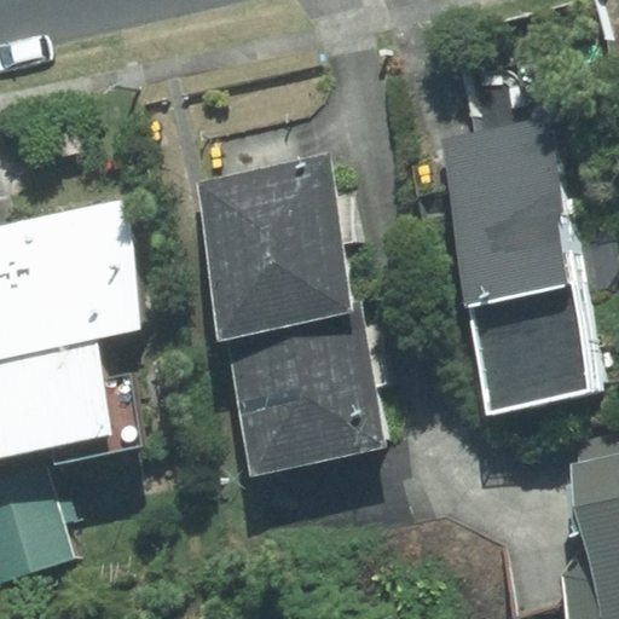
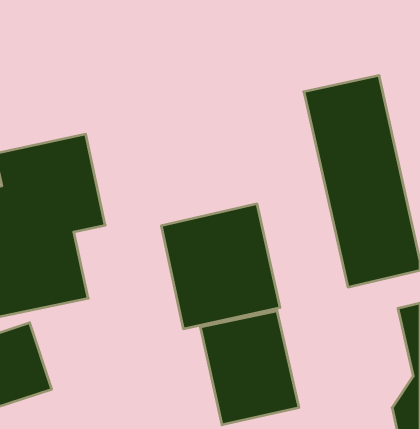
building: [197,152,366,329] -> none
building: none -> [200,311,299,425]

